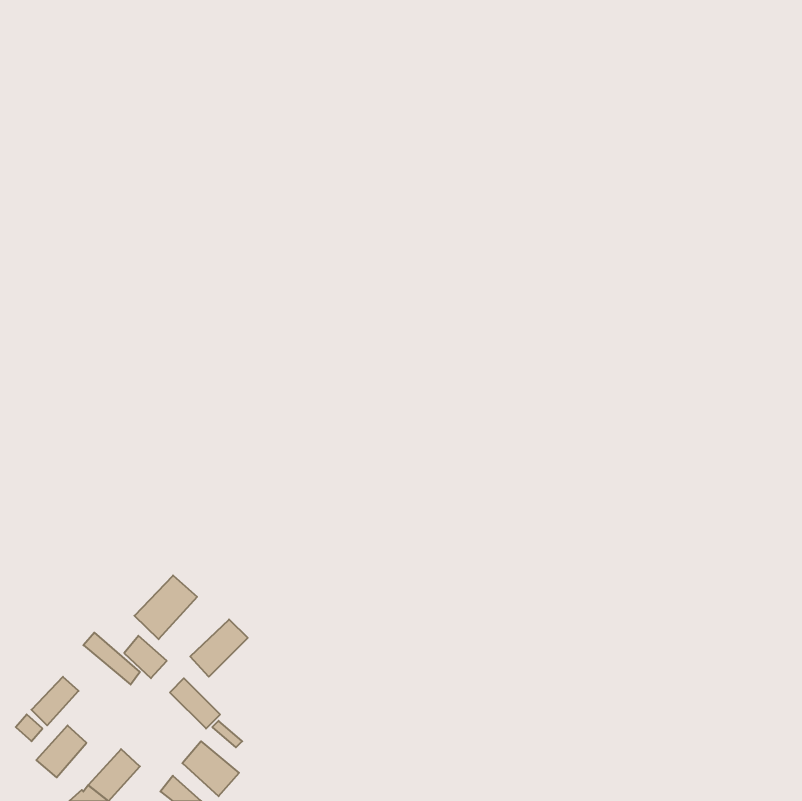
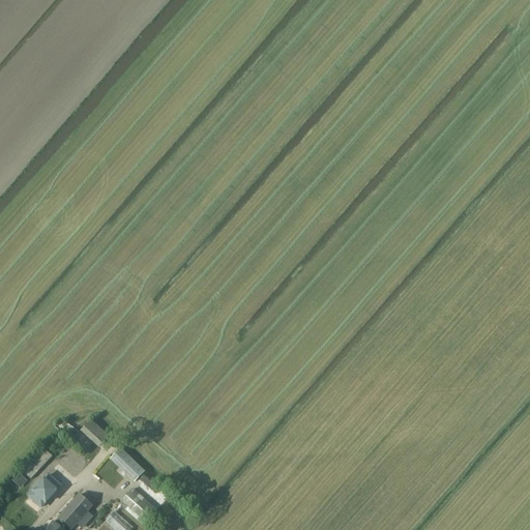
building: [134,575,197,639] -> none
building: [190,619,248,677] -> none

